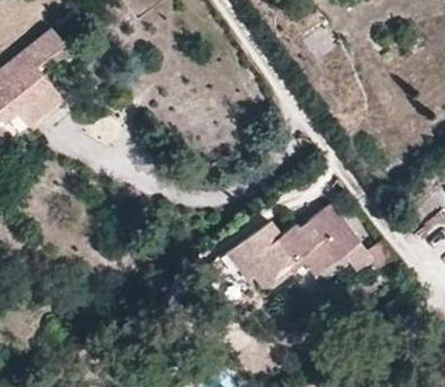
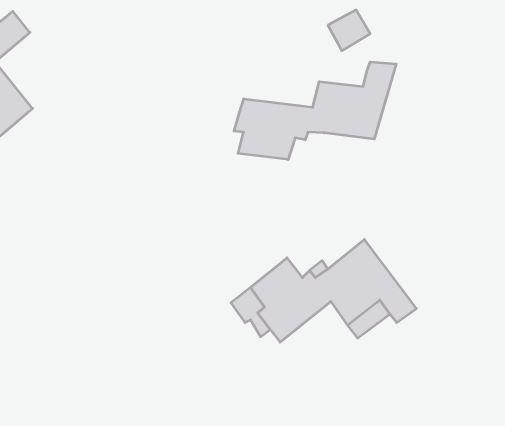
building: none -> [234,62,396,160]

